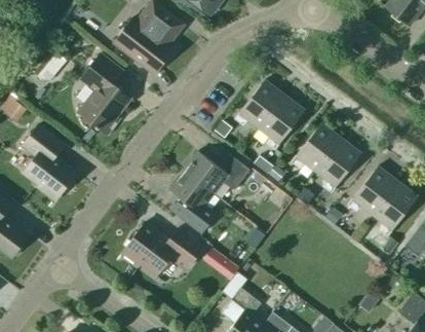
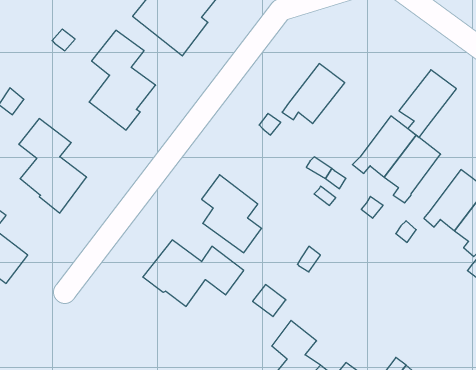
building: [259,96,305,150] -> [399,70,456,138]
building: [184,150,250,193] -> none

